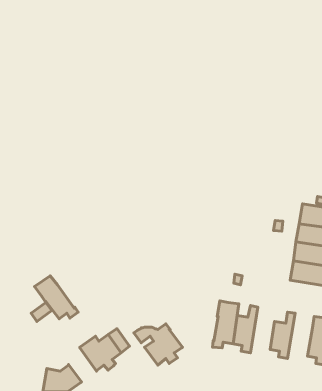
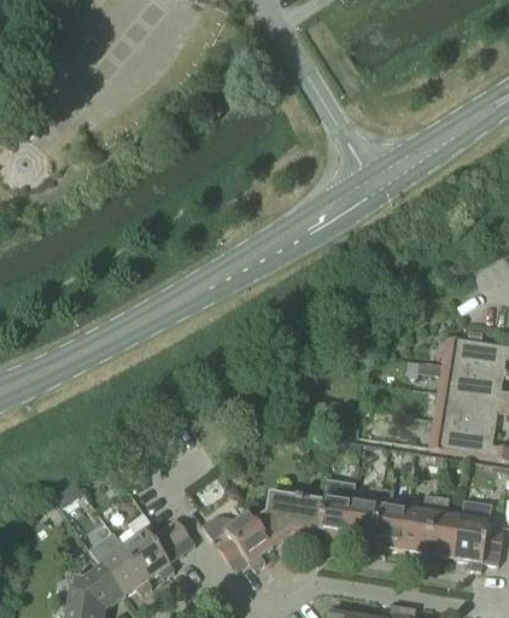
building: [34,276,78,319] -> [89,531,153,594]
building: none -> [371,485,406,554]
building: none -> [253,489,324,543]
building: none -> [426,494,461,562]

